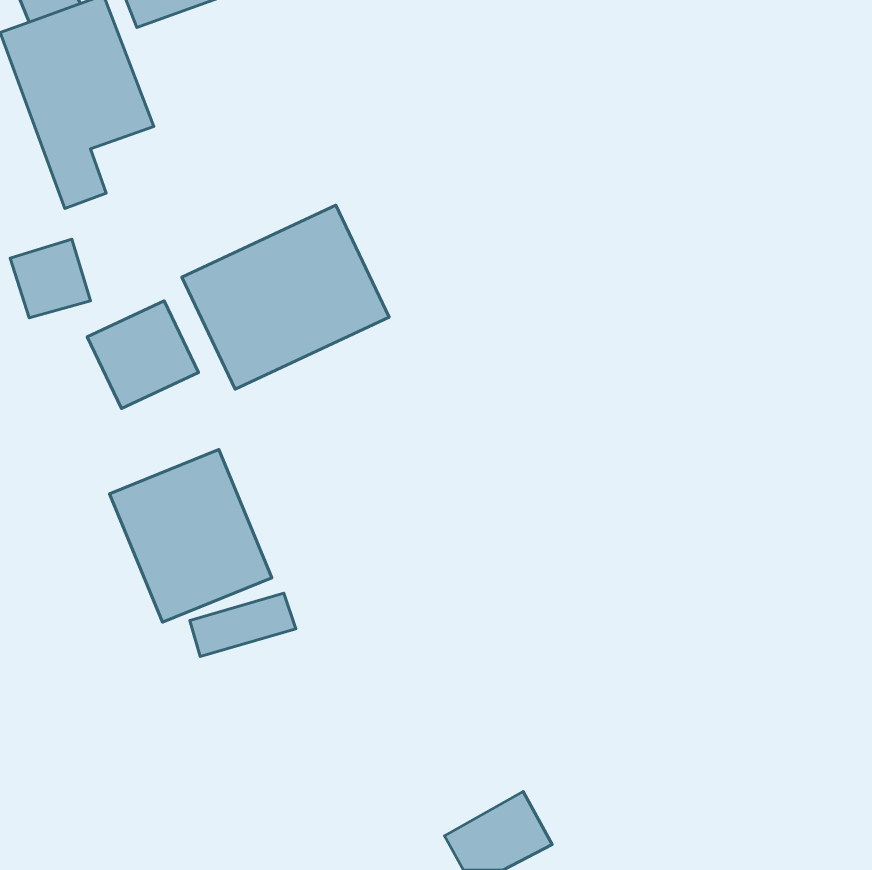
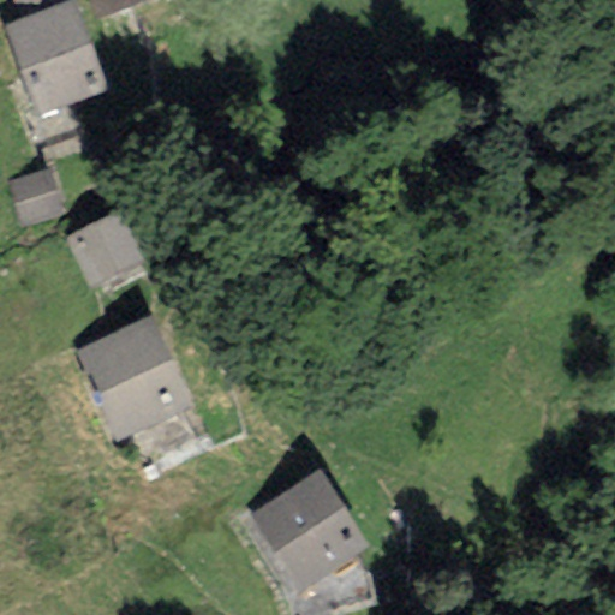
building: [182,205,389,389] -> none
building: none -> [241,467,369,596]

